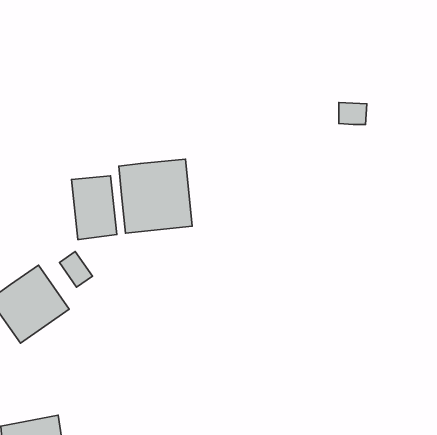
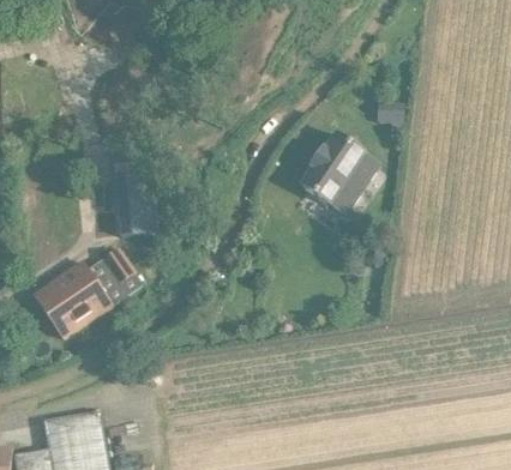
building: none -> [301,134,379,215]
building: [119,159,192,233] -> none

